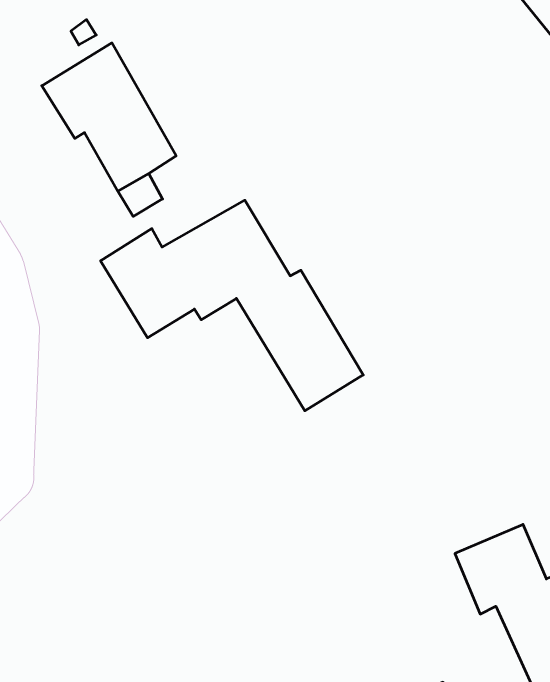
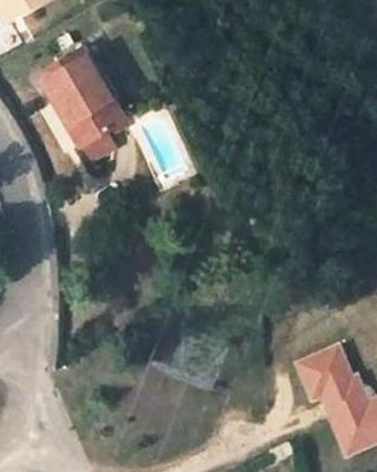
building: [101,200,363,411] -> none

